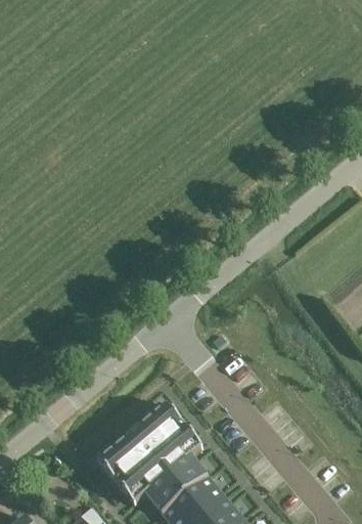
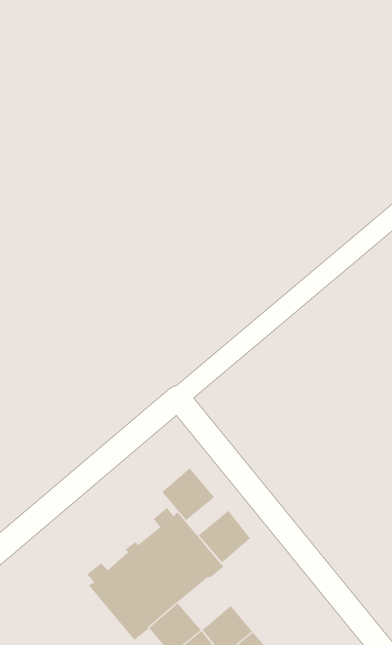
building: none -> [161,467,215,521]
building: [169,456,210,497] -> [198,510,251,563]

